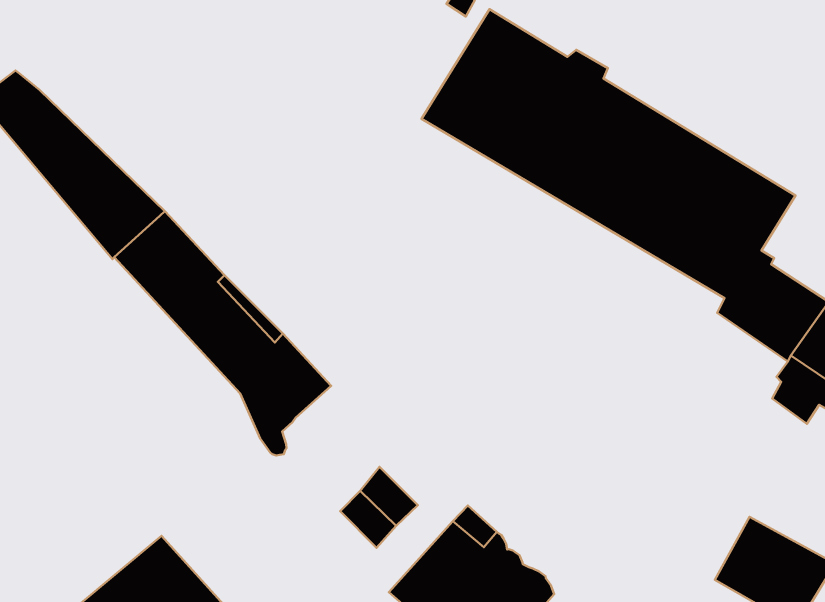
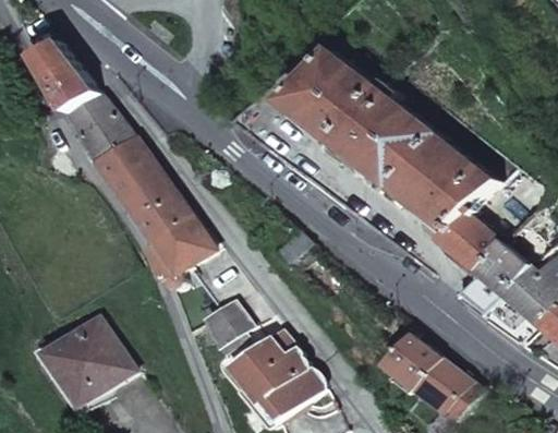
building: none -> [379,334,435,390]

